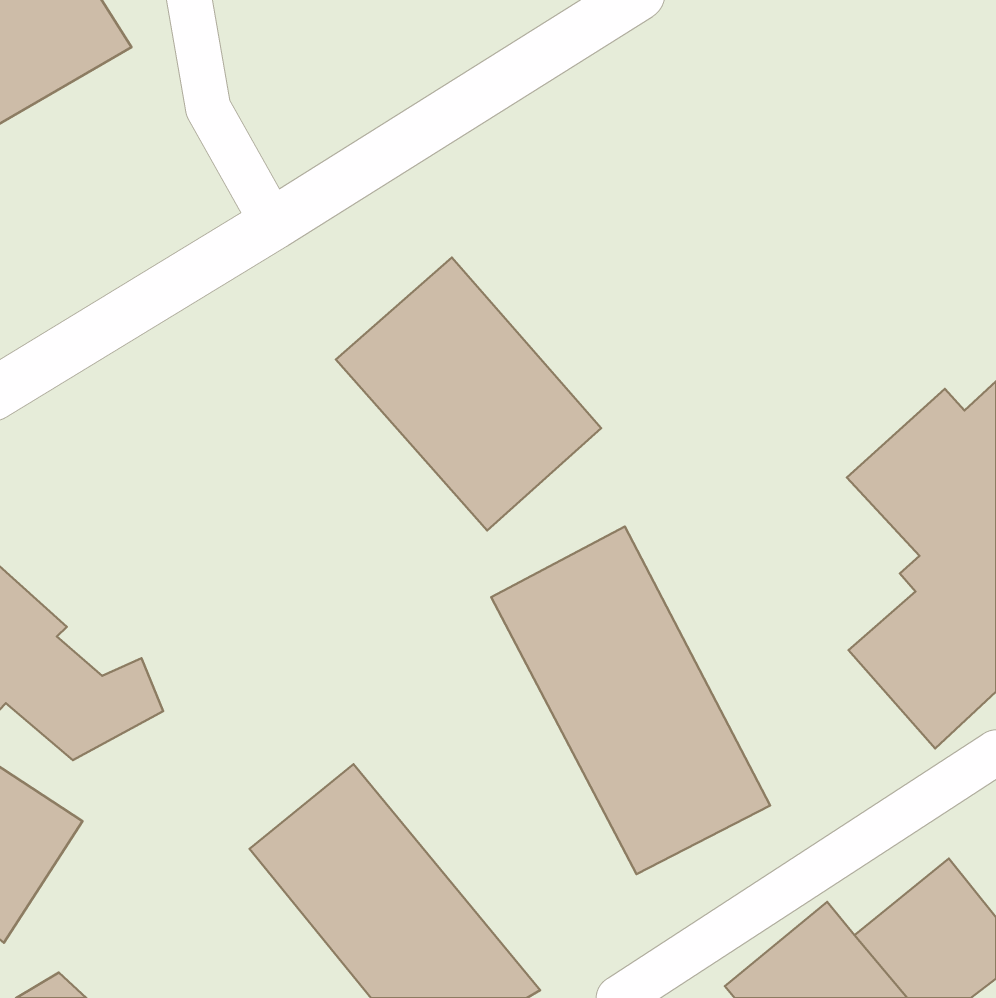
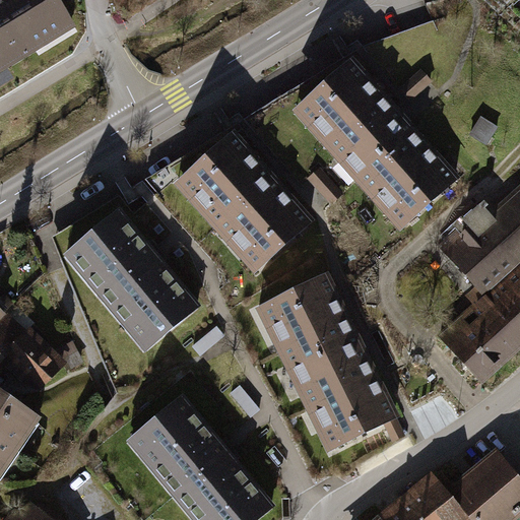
building: none -> [290,59,462,236]
building: none -> [63,210,204,356]

